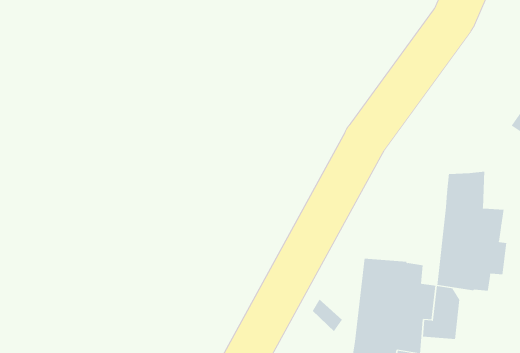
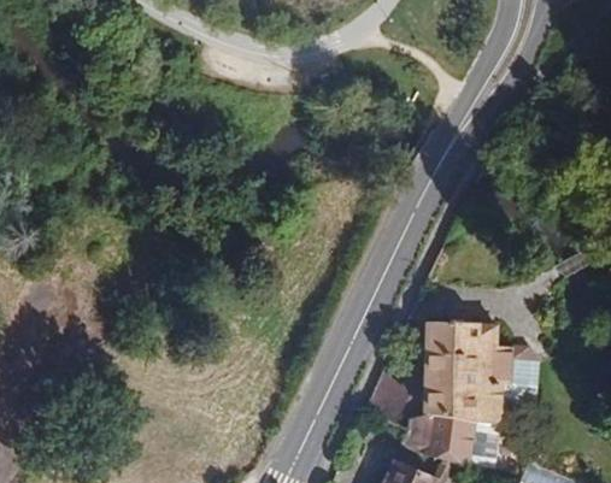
building: [437,171,507,291] -> none

